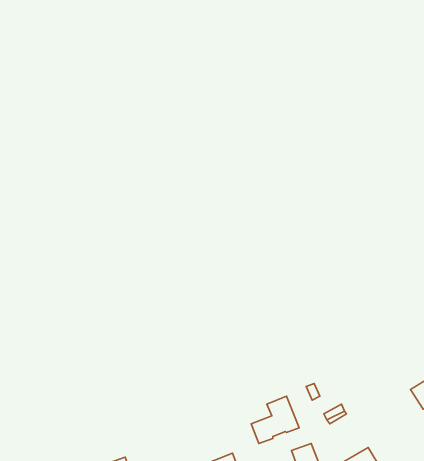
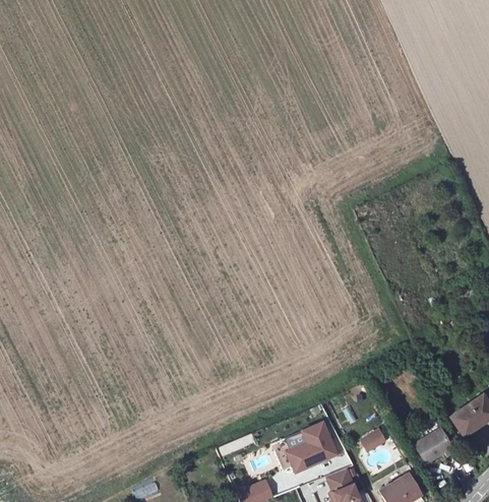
building: none -> [414,428,454,462]

